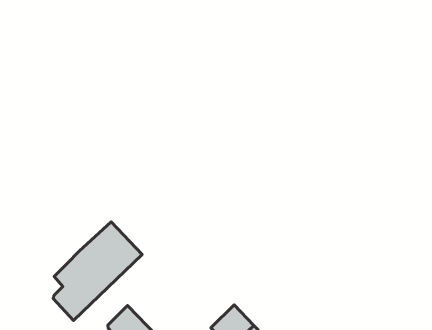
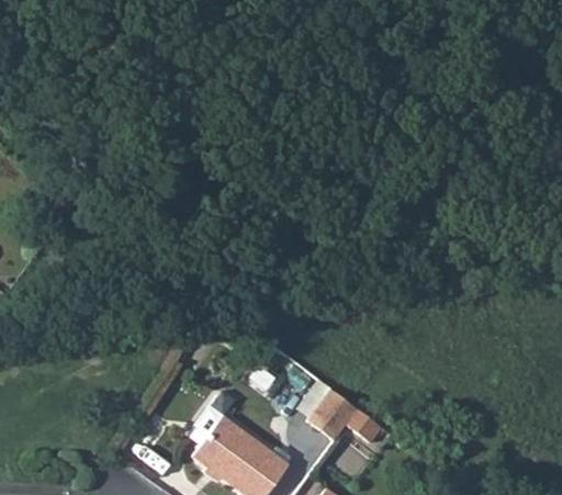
building: [53,222,142,320] -> none

